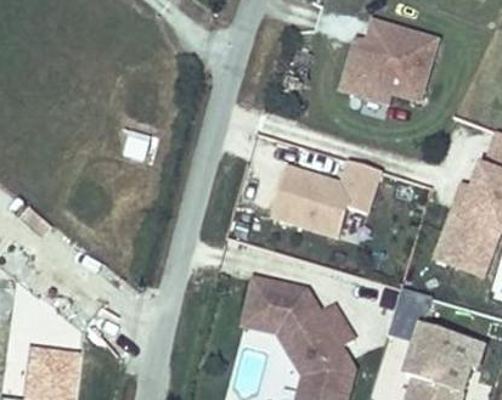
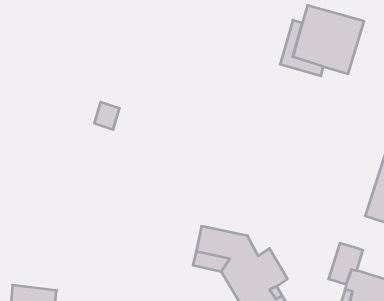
building: [275,164,387,243] -> none

